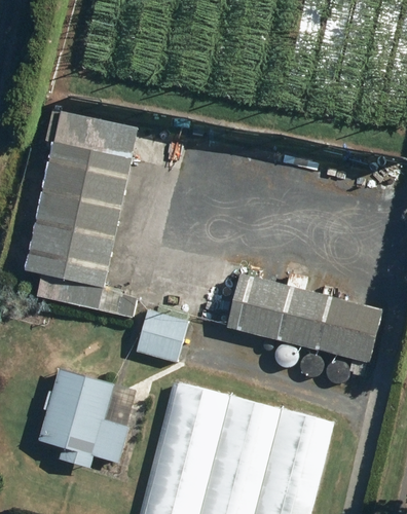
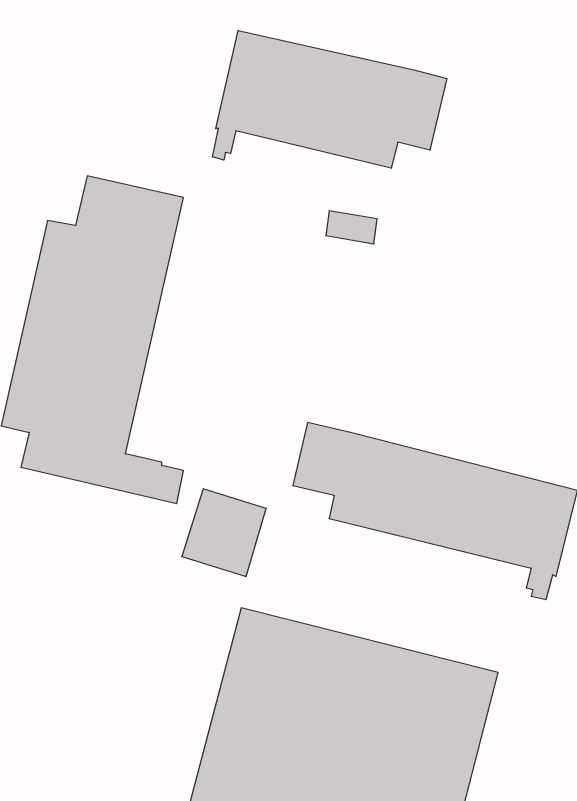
building: none -> [212,30,447,168]
building: [39,368,128,468] -> none

